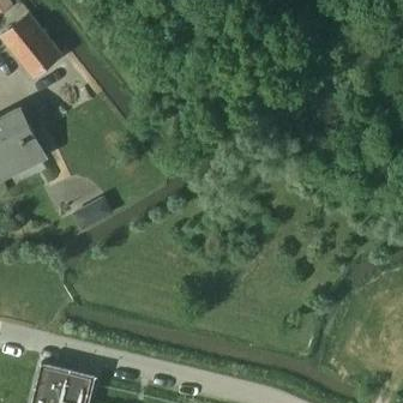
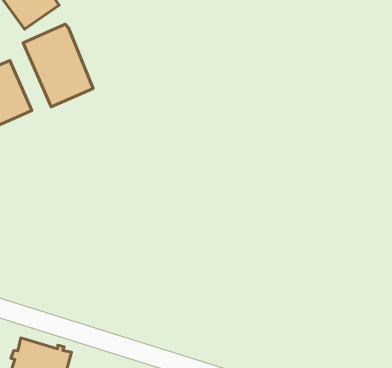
building: none -> [23,24,93,107]

